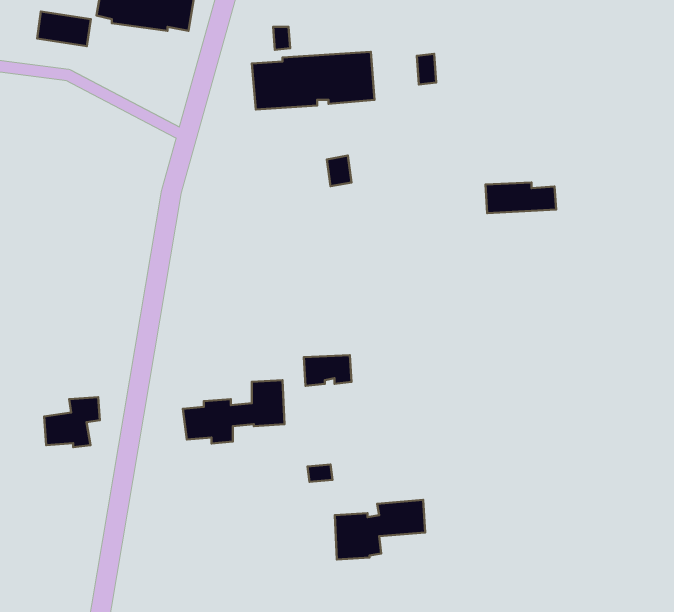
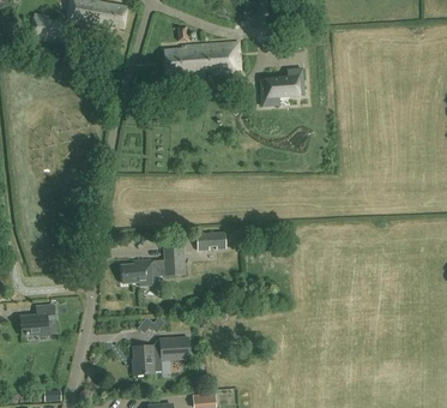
building: [485,183,556,213] -> [260,77,304,96]
building: [44,397,100,447] -> [20,304,55,335]
building: [335,500,425,559] -> [133,336,189,373]

